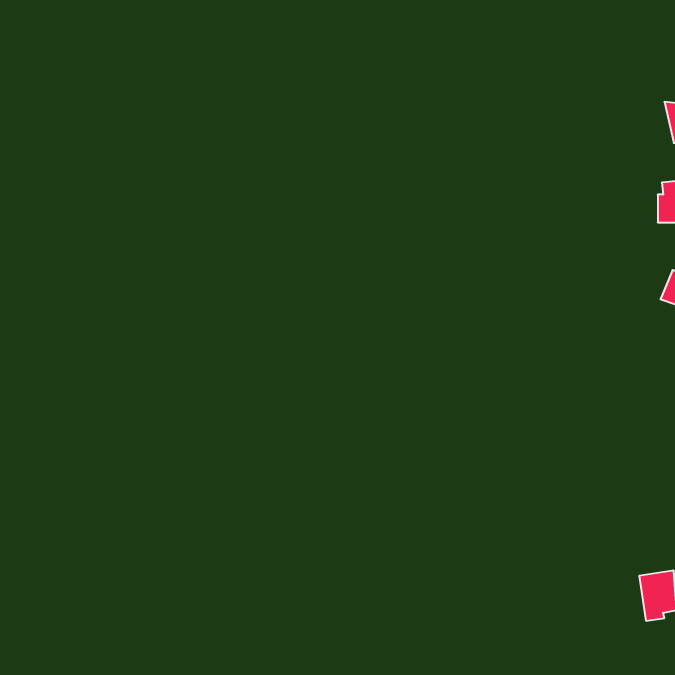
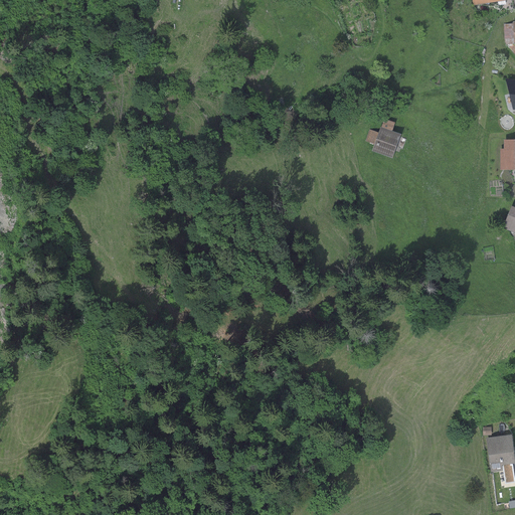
building: none -> [366,118,401,158]

